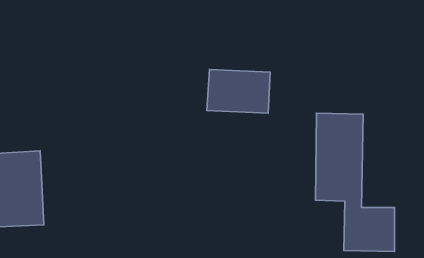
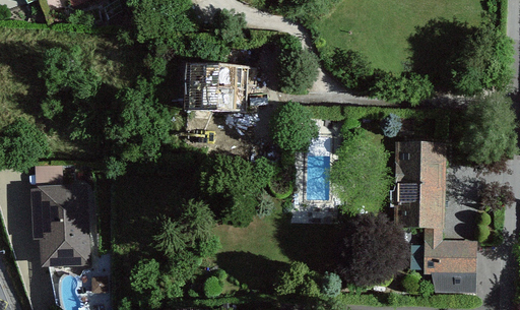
building: [207,69,270,113] -> [184,65,254,114]

